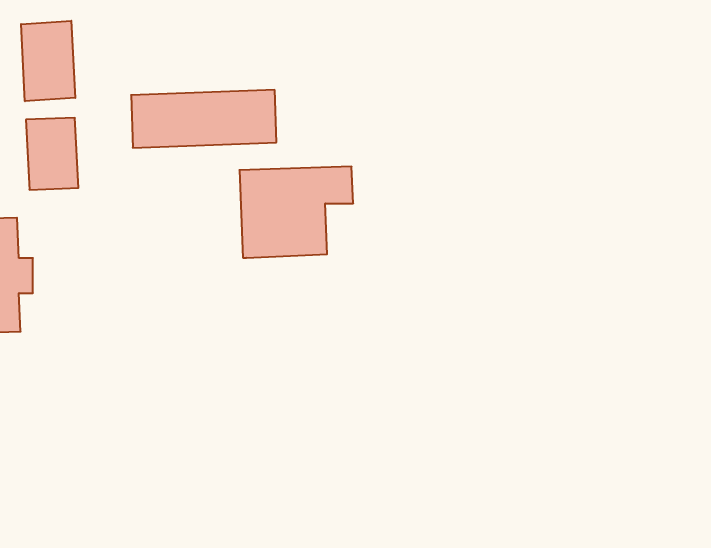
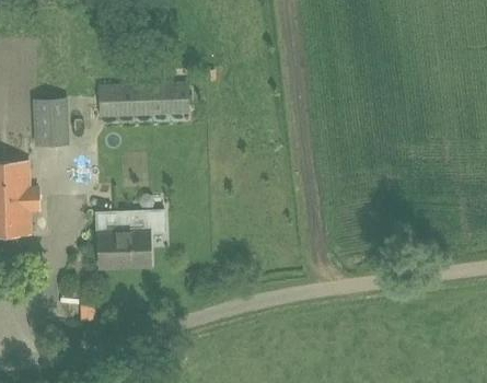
building: [21,21,75,101] -> none
building: [239,167,353,258] -> [94,210,165,267]

